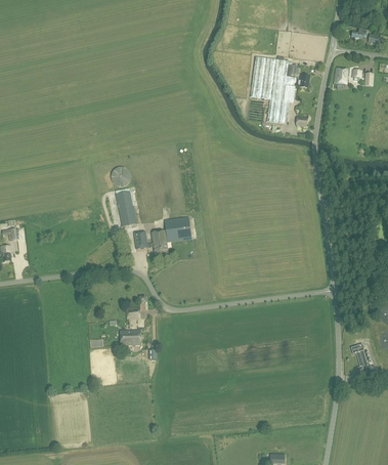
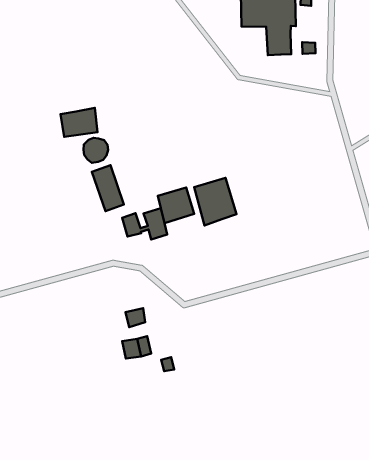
building: none -> [61,108,98,137]
building: none -> [194,178,237,226]

